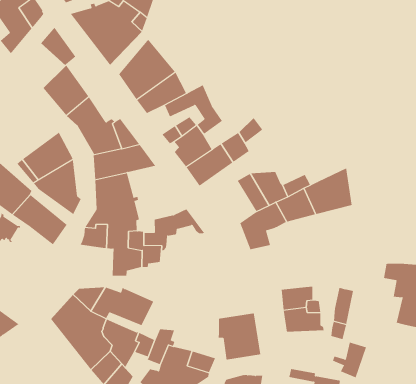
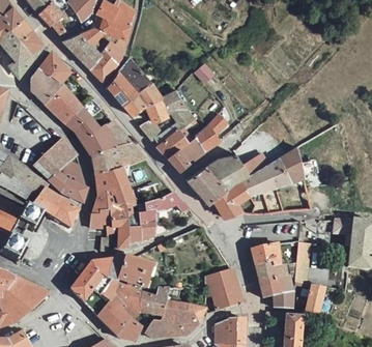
building: none -> [32,65,63,102]
building: none -> [188,163,228,203]
building: none -> [261,278,296,307]

